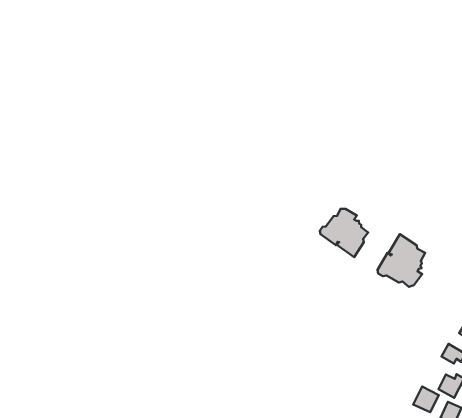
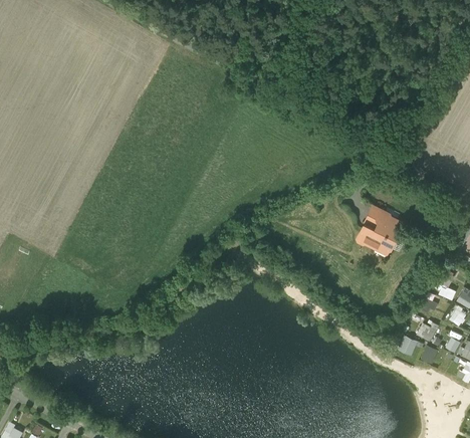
building: [320,209,368,257] -> none

